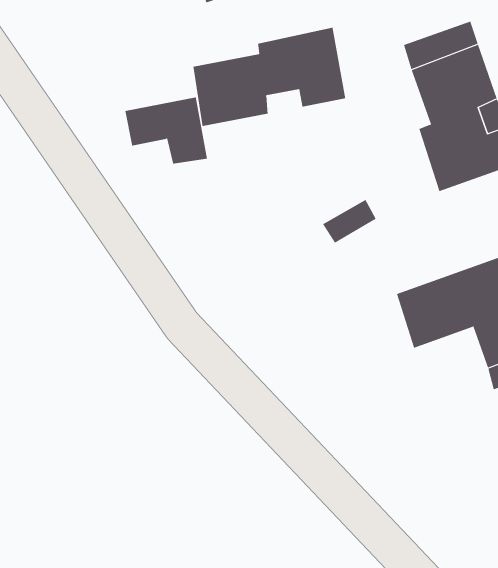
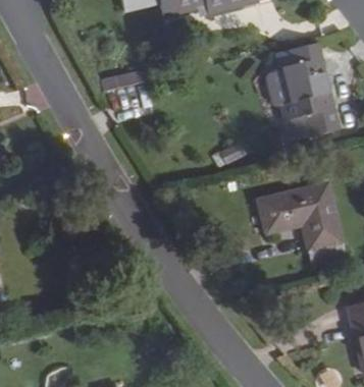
building: [193,27,346,127] -> none

